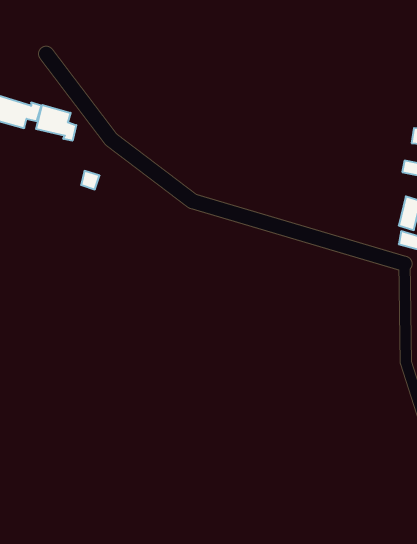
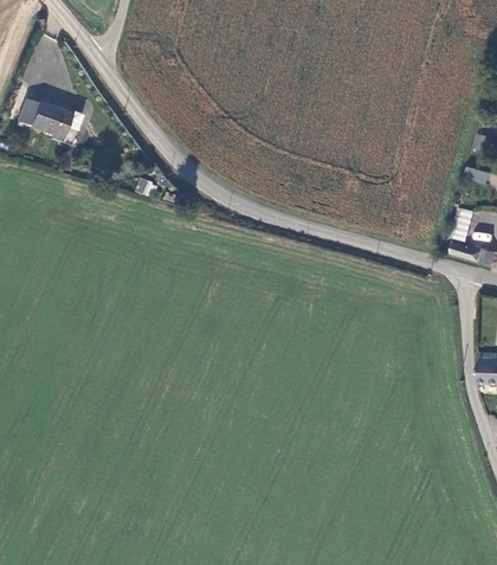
building: [36,105,76,141] -> none

